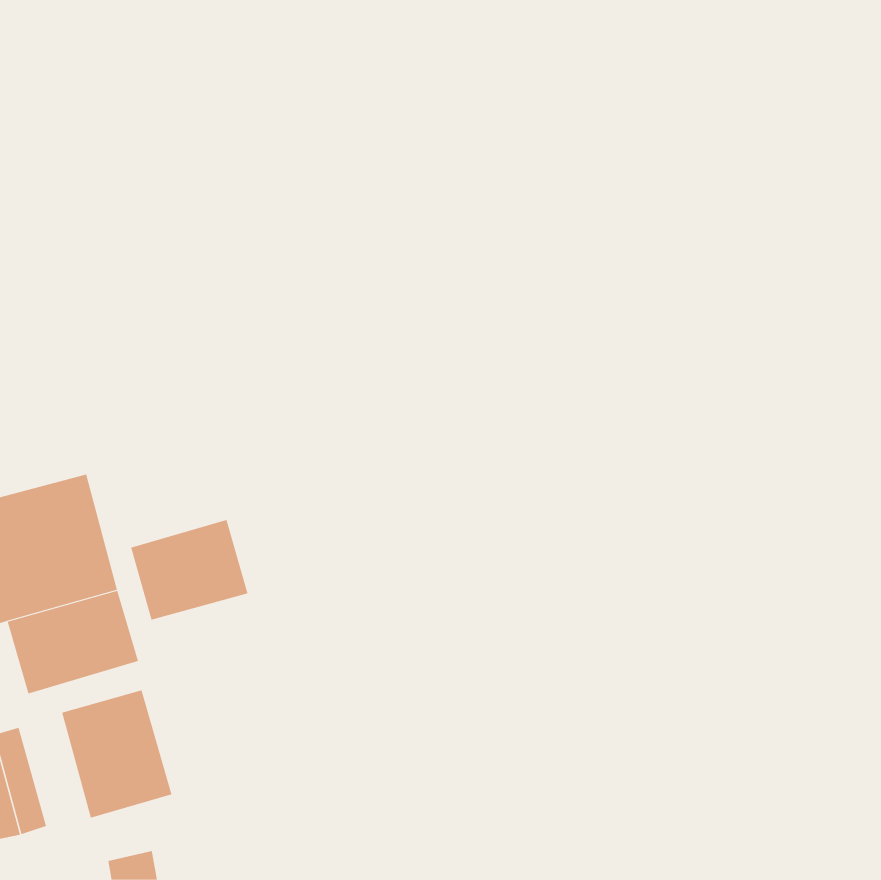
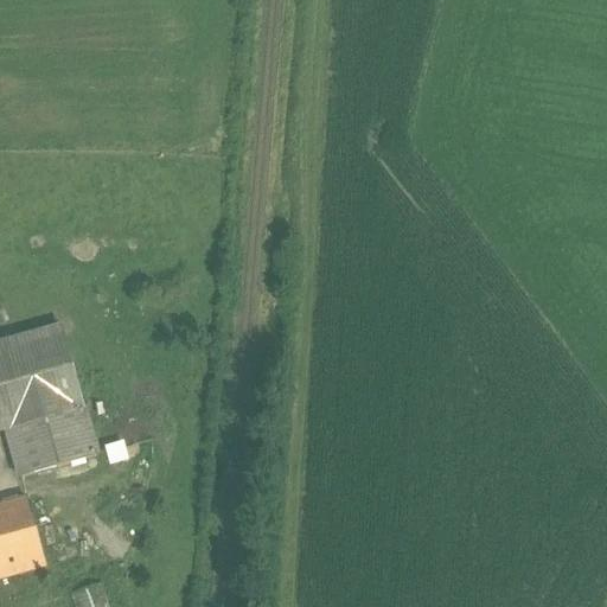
building: [130,519,248,620] -> none
building: [62,690,172,818] -> none

